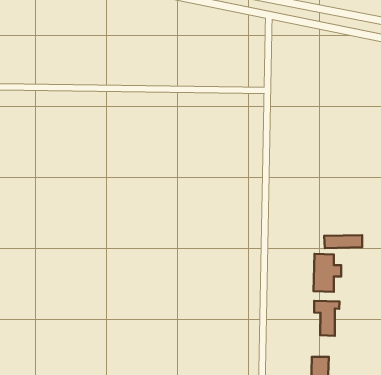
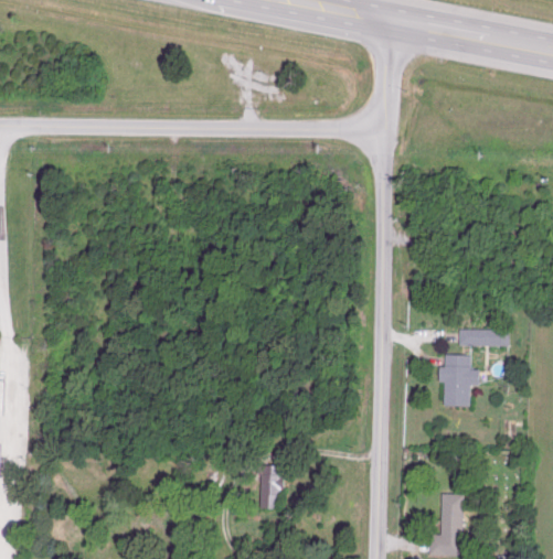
building: [314,301,339,336] -> none
building: none -> [256,465,280,509]

